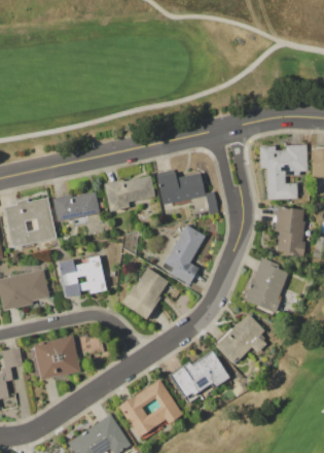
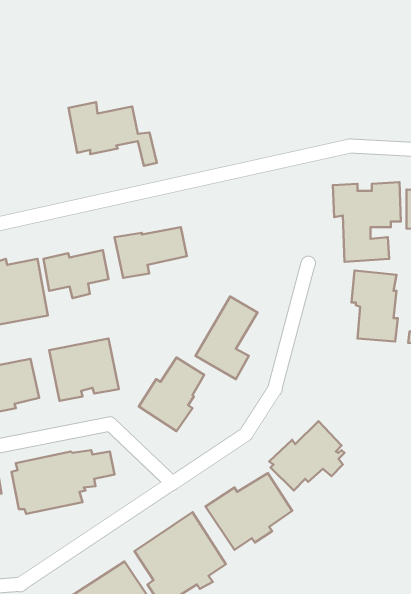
building: [156,169,219,214] -> [69,102,157,166]
building: [245,257,290,315] -> none

